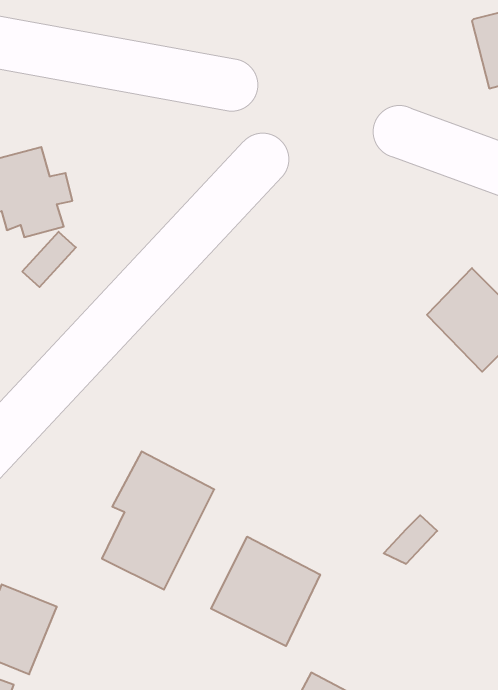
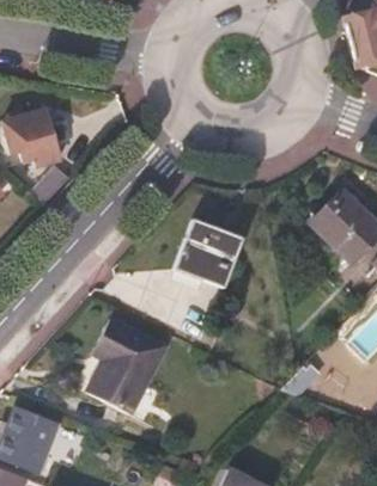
building: none -> [175,221,237,282]
building: [211,537,320,646] -> none

